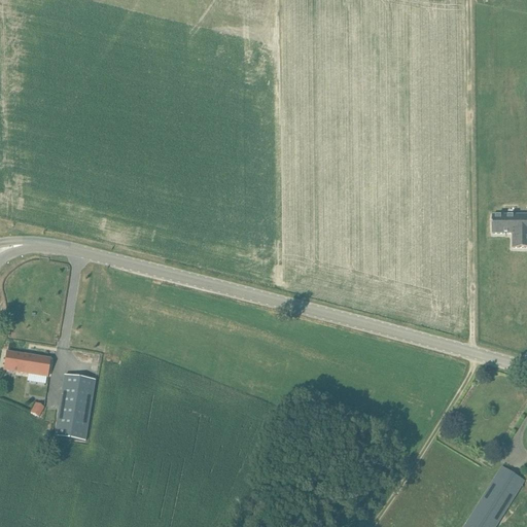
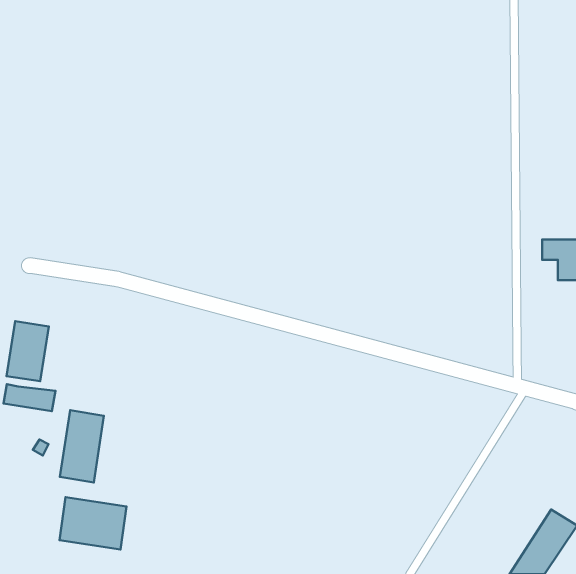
building: none -> [6,321,49,381]
building: none -> [59,497,127,550]

